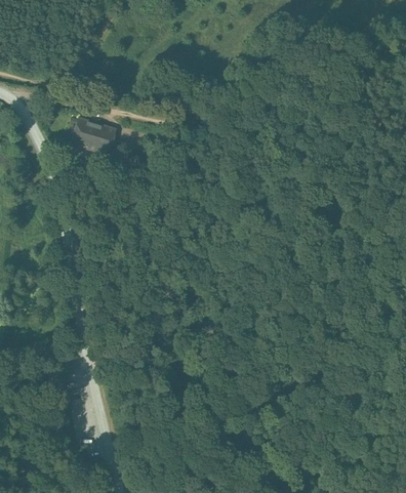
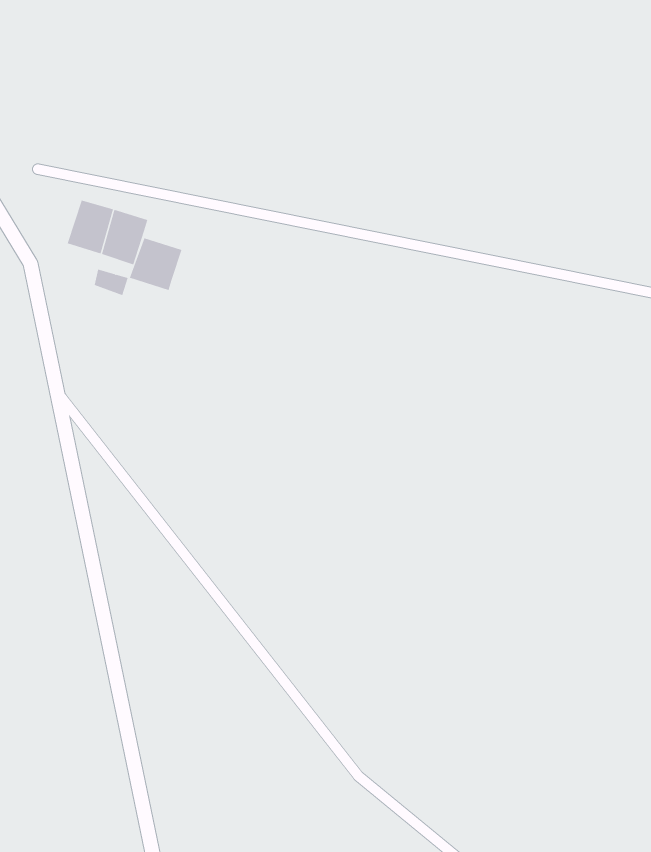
building: none -> [129,238,182,291]

